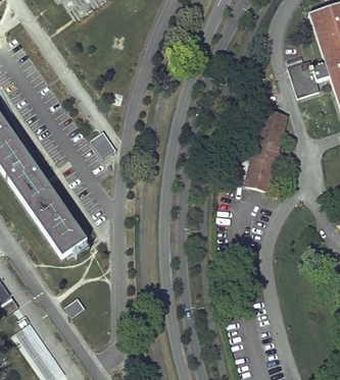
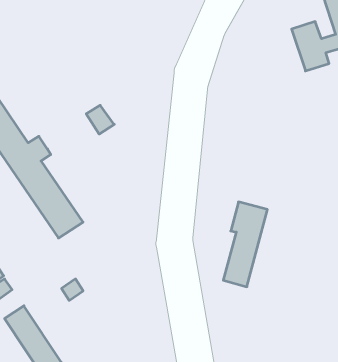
building: [244,110,286,191] -> [223,202,267,287]

